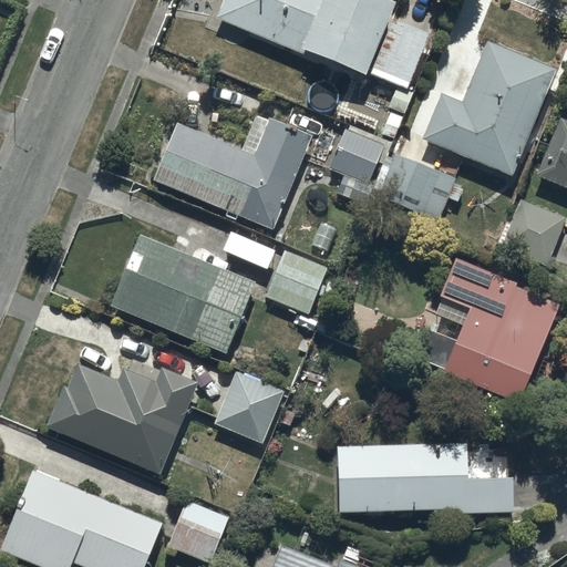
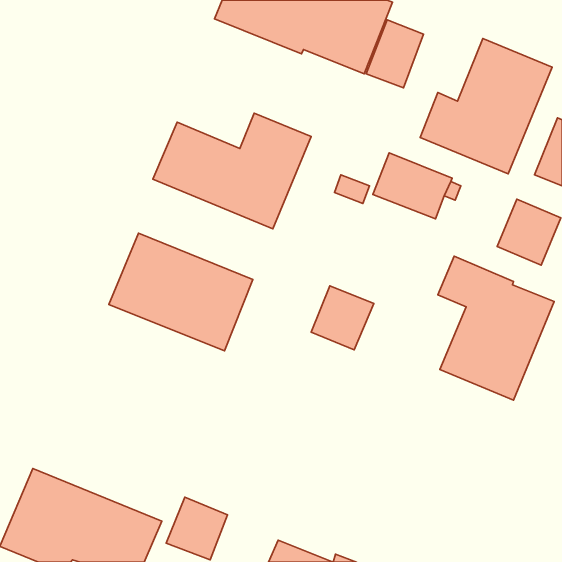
building: [330,128,385,184] -> none
building: [265,250,328,315] -> [311,286,374,350]
building: [47,365,198,475] -> none
building: [215,372,284,443] -> none
building: [339,442,514,513] -> none

